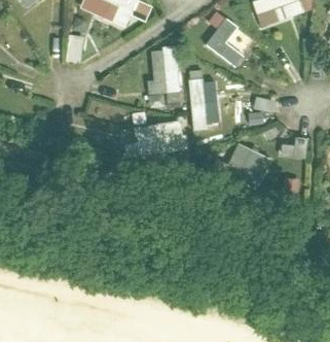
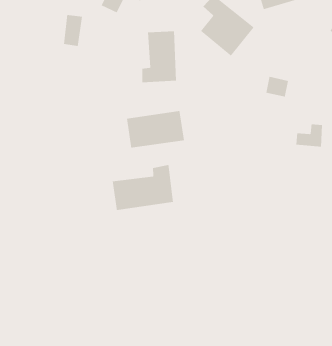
building: [191,78,224,130] -> none
building: [214,140,267,189] -> none
building: none -> [112,164,174,211]

